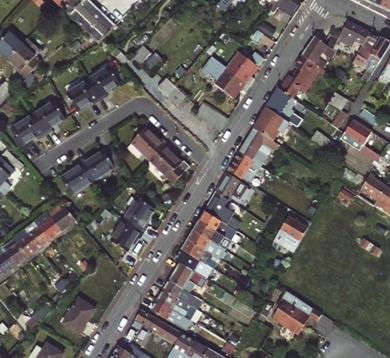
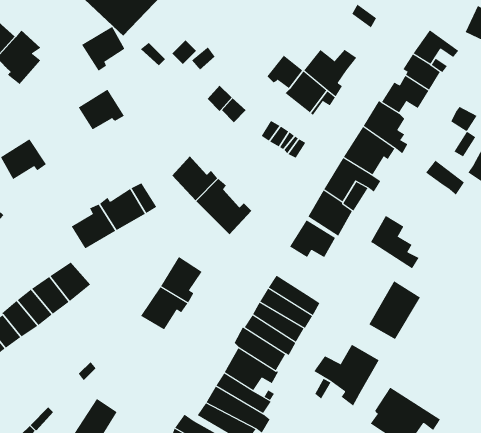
building: [87,67,118,99] -> [81,26,125,72]
building: [32,101,64,133] -> none
building: [204,191,239,229] -> [370,215,420,269]
building: none -> [314,344,379,407]

